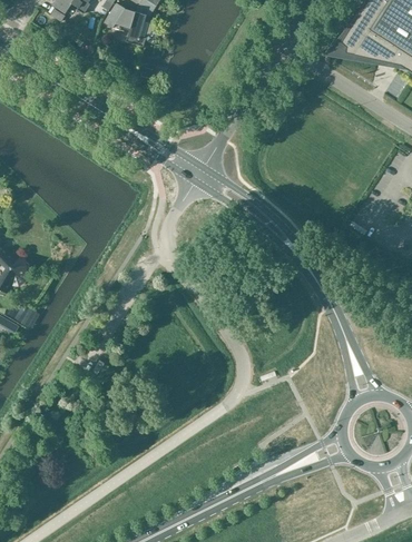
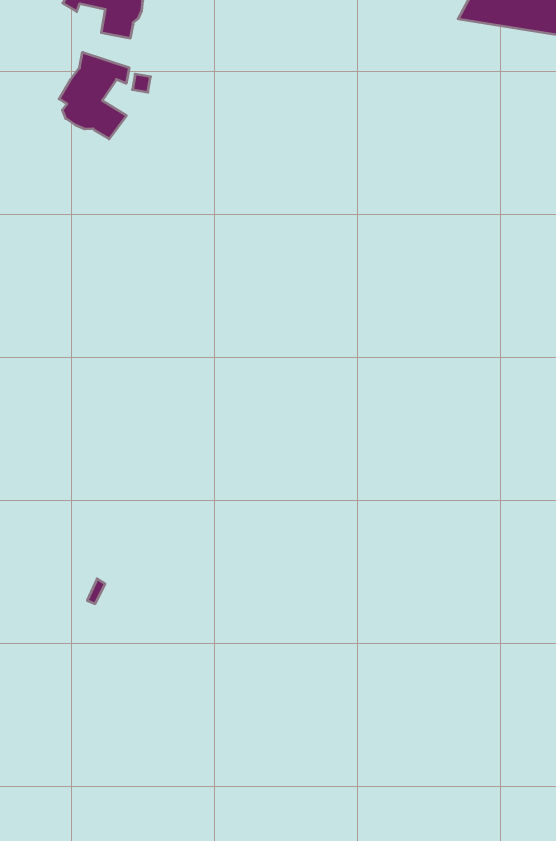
building: none -> [59,52,129,139]

